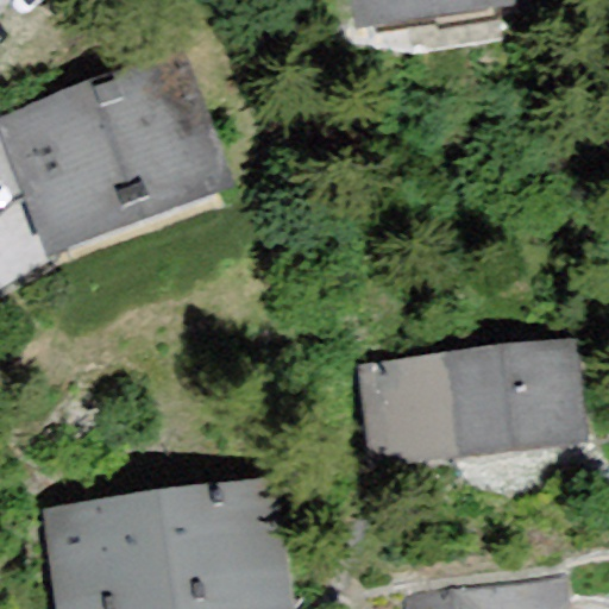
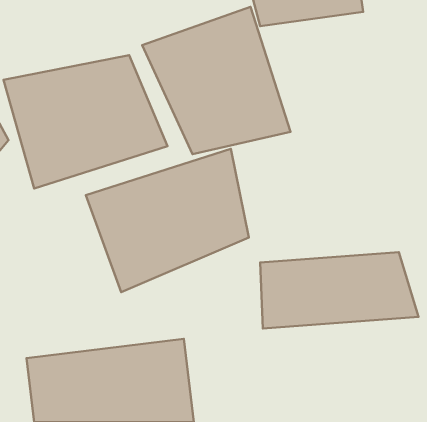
building: none -> [142,7,291,154]
building: none -> [86,149,249,292]

